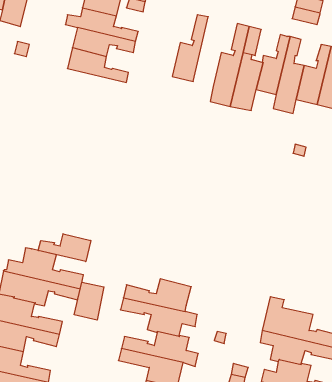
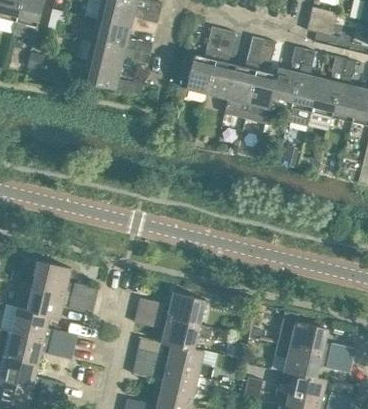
building: none -> [207,28,235,98]
building: [38,234,91,262] -> none
building: [74,282,104,320] -> none

